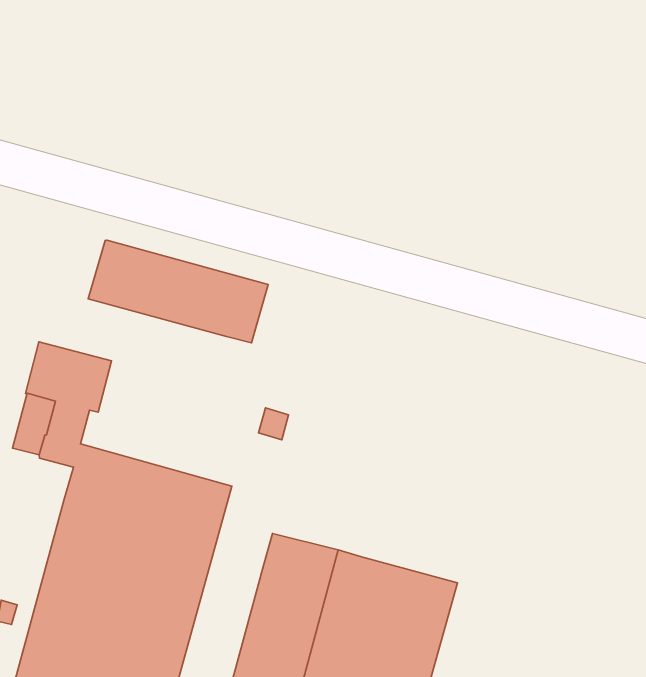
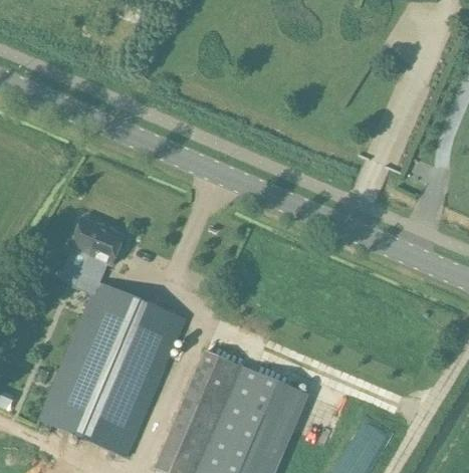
building: [88,240,268,343] -> none

